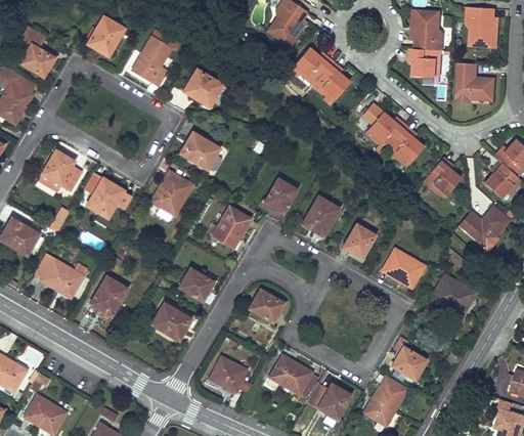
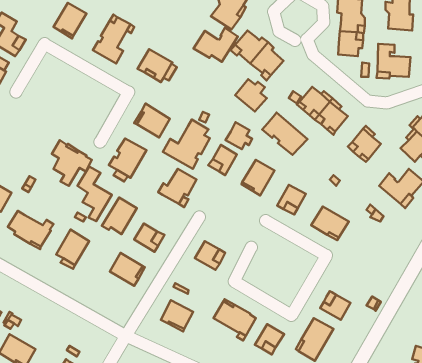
building: none -> [194,28,238,62]
building: none -> [235,79,267,112]
building: none -> [262,113,308,155]
building: none -> [163,119,210,169]
building: [38,149,82,190] -> none
building: none -> [226,122,252,149]
building: none -> [78,167,112,221]
building: none -> [102,197,137,234]
building: [431,274,476,317] -> none

